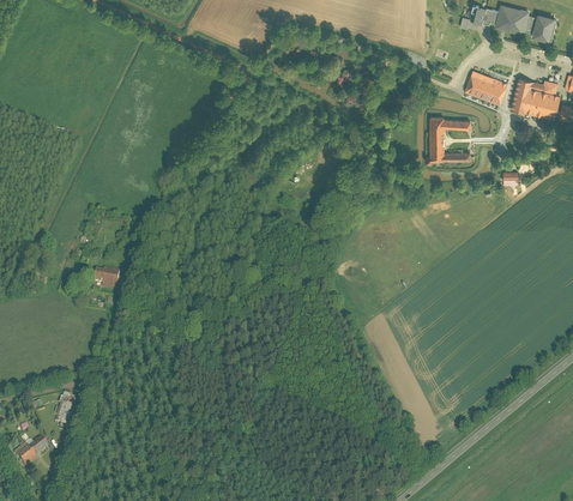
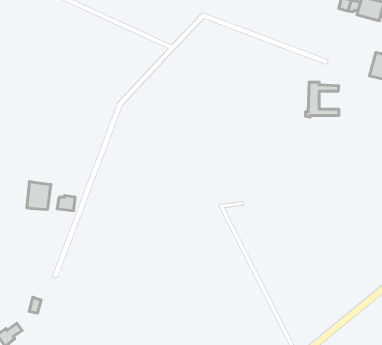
building: [465,71,506,105] -> none
building: none -> [27,182,51,210]

